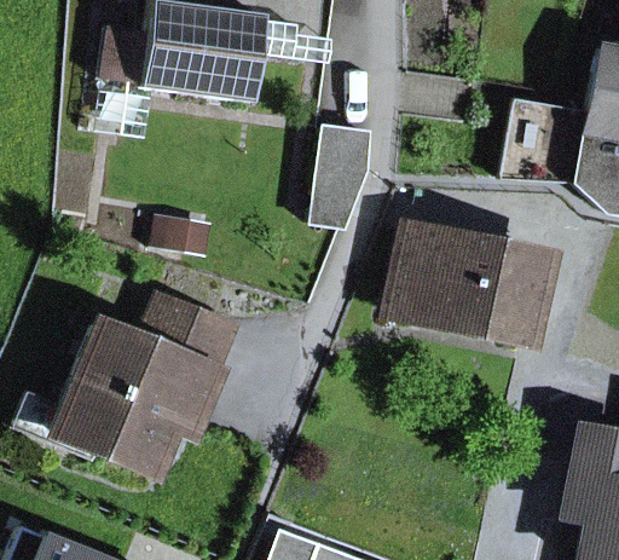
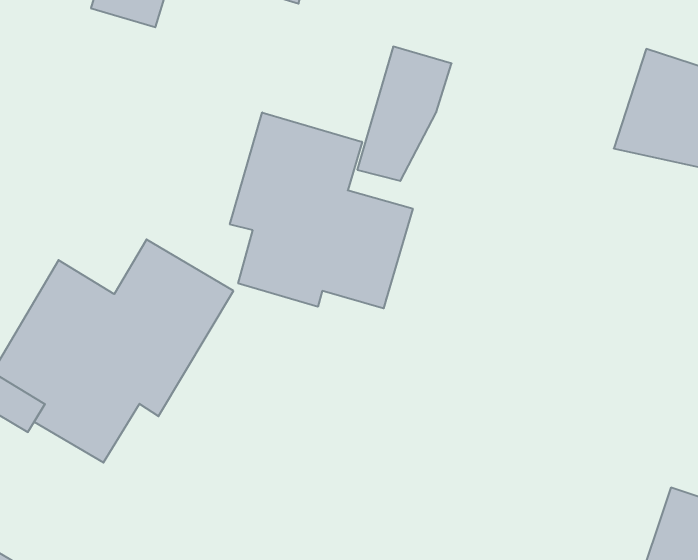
building: none -> [230,112,413,308]
building: [392,227,545,339] -> none

